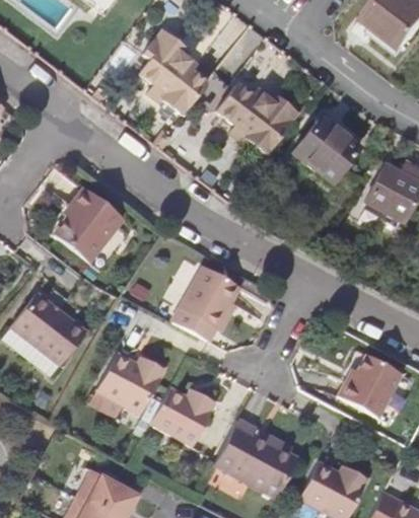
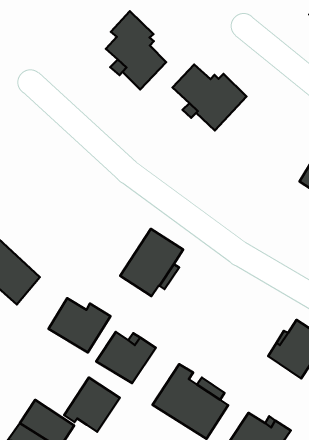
building: [290,116,358,183] -> none
building: [51,188,121,262] -> none
building: none -> [64,377,120,432]

